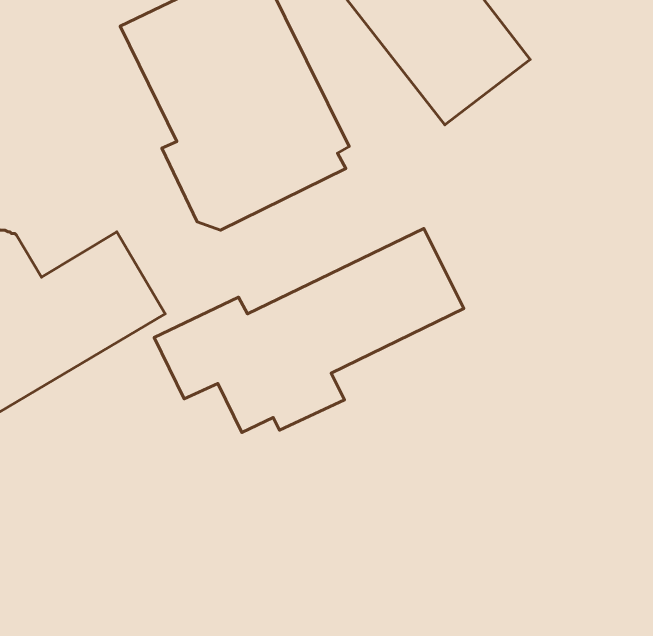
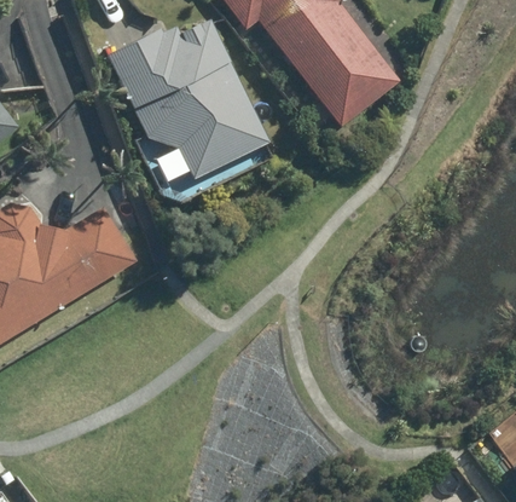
building: [154,229,464,432] -> none

